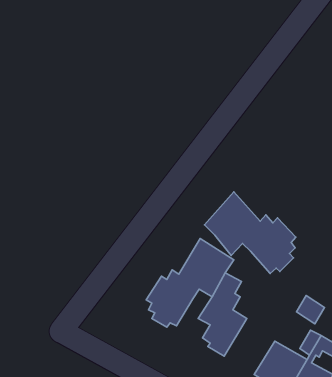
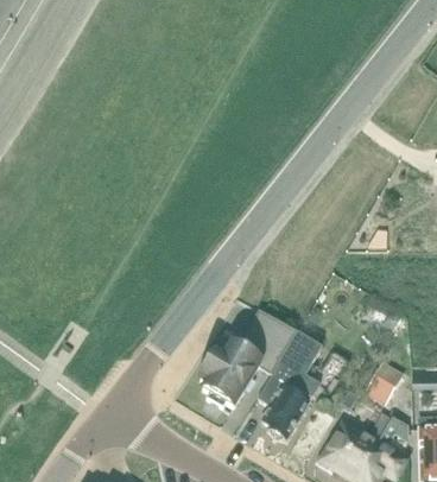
building: [204,192,296,274] -> none

